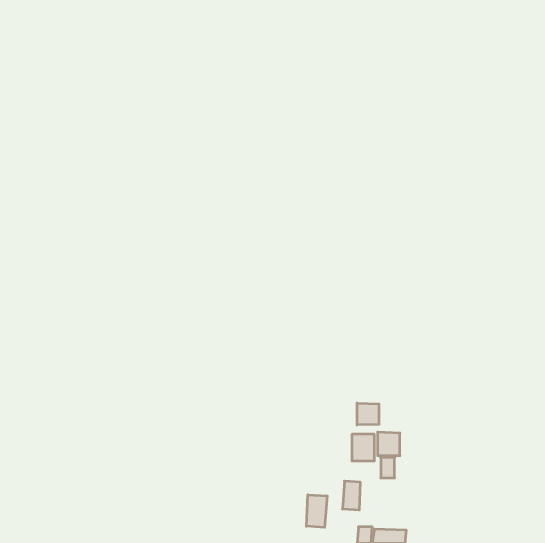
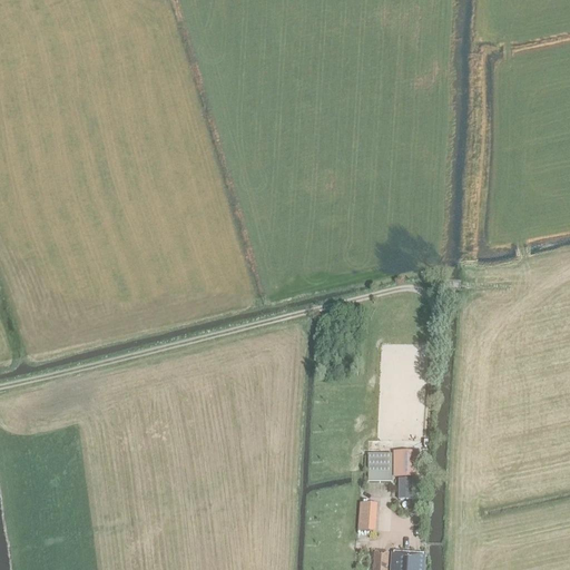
building: [357,403,379,425] -> none
building: [306,495,327,527] -> none

